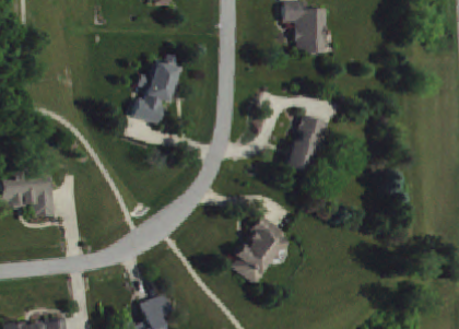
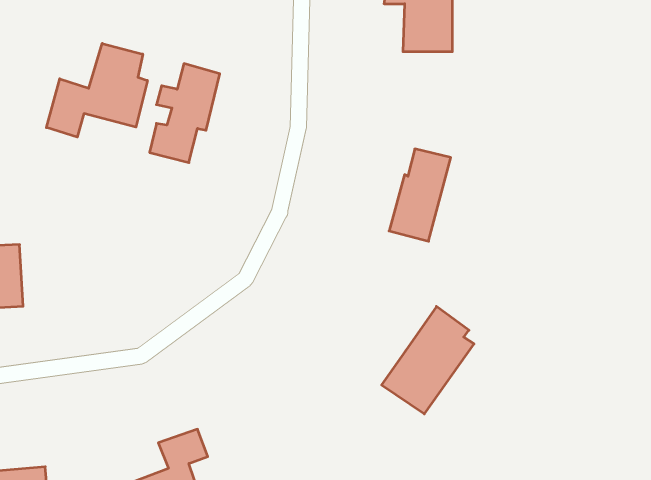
building: none -> [46,43,147,137]
building: [227,215,286,284] -> [382,306,474,414]

